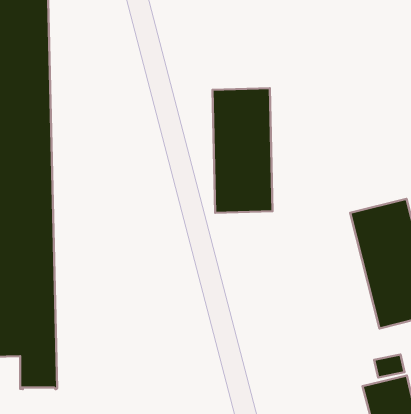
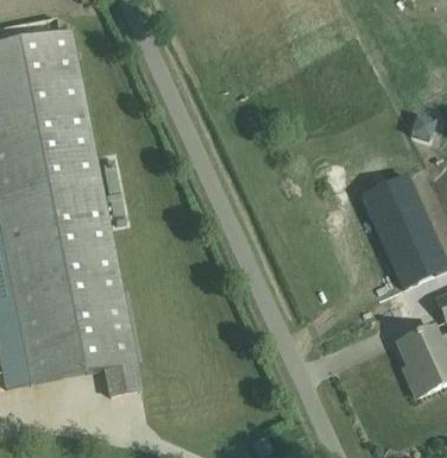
building: [212,88,273,213] -> none

